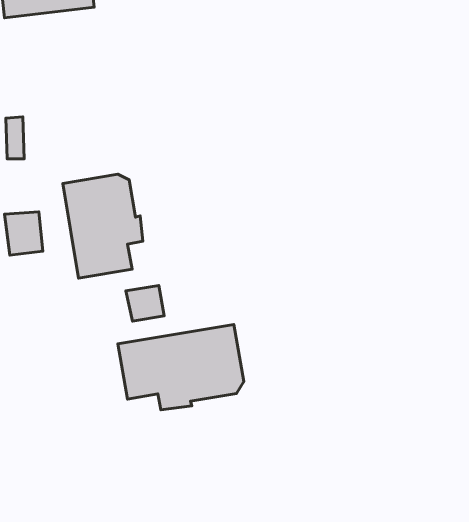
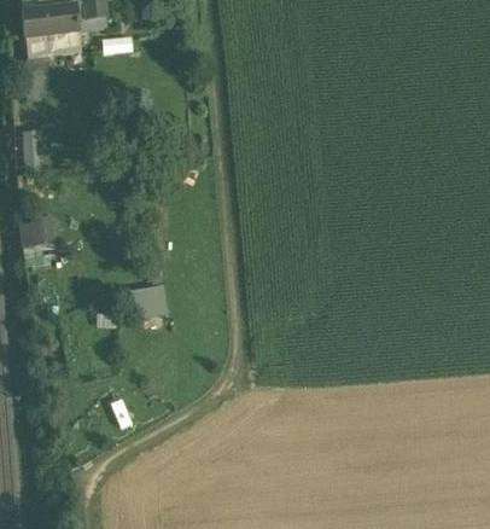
building: [63,174,143,278] -> none
building: [118,325,244,410] -> none

